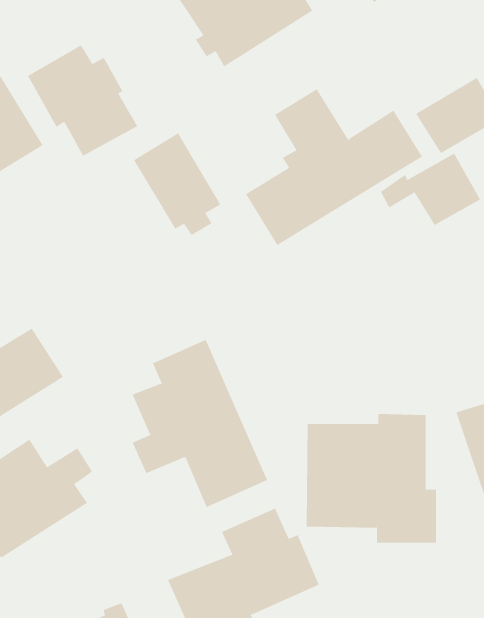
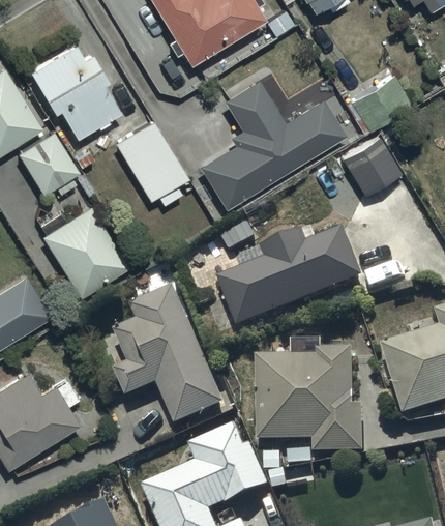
building: none -> [16,126,79,193]
building: none -> [40,203,129,294]
building: none -> [212,229,362,328]

